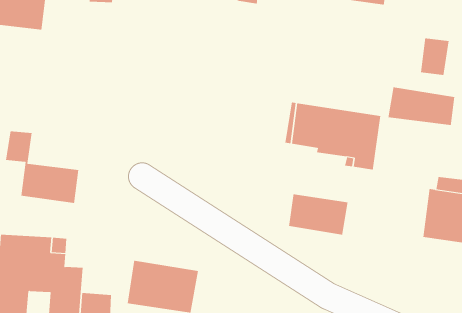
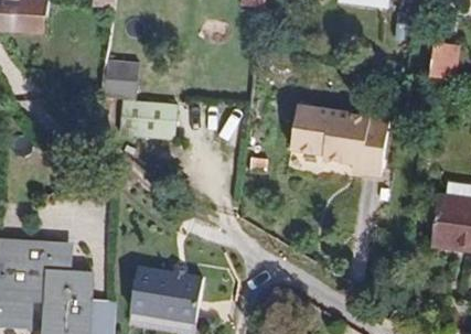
building: [388,87,455,126] -> none
building: [5,131,79,203] -> [101,66,176,140]
building: [288,193,348,235] -> none

